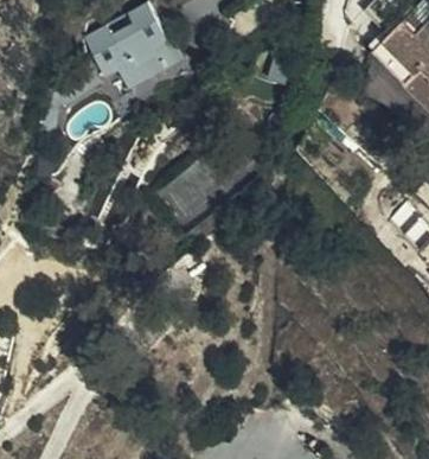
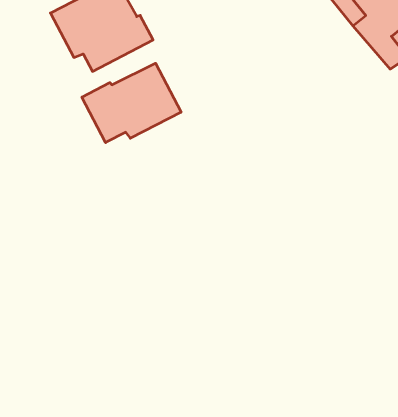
building: none -> [82,63,181,143]

